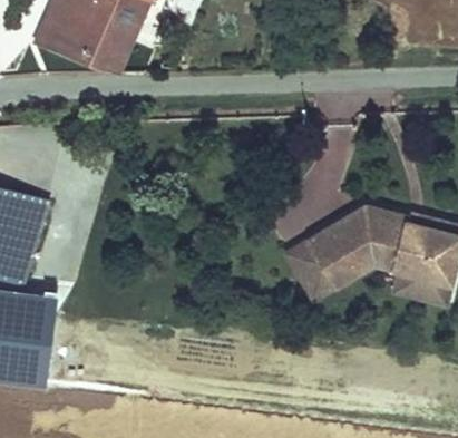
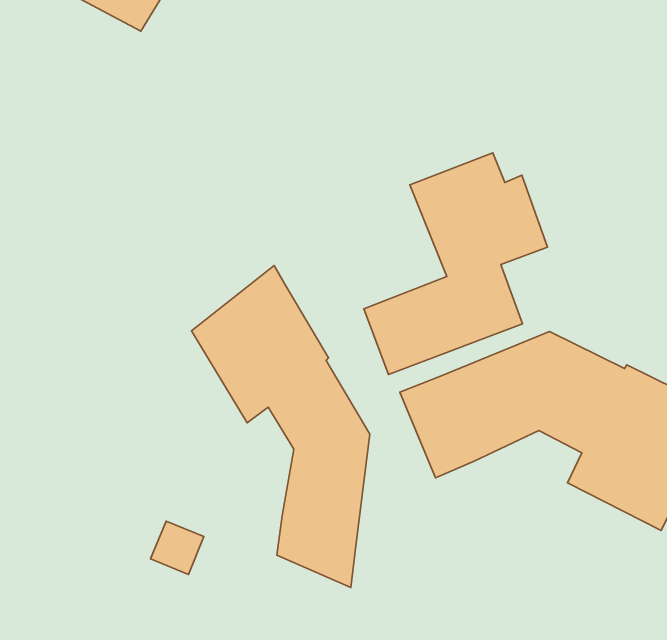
building: none -> [192,266,370,587]

